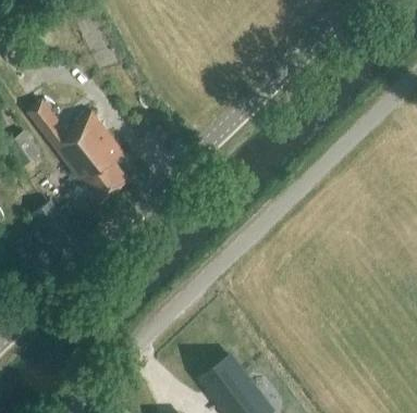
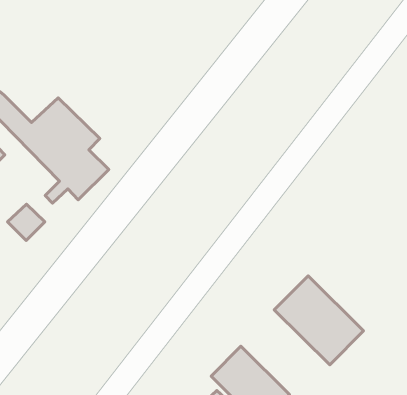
building: none -> [274,276,364,365]

